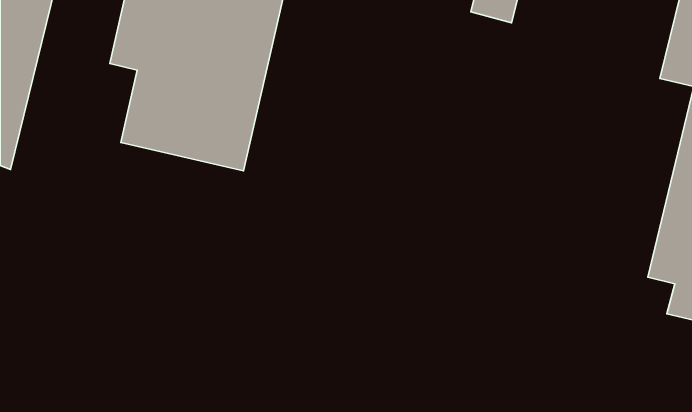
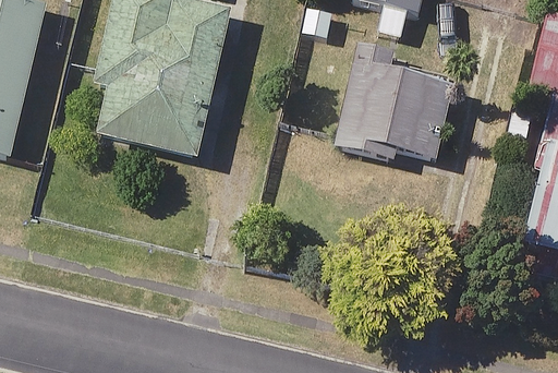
building: none -> [338,41,447,164]

